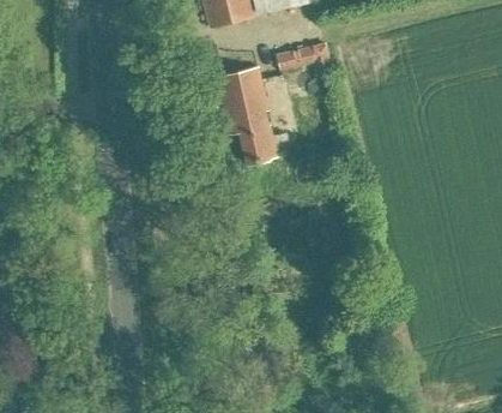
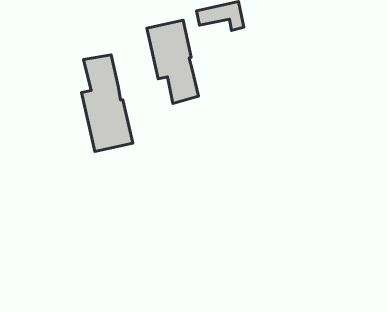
building: none -> [82,55,133,152]

